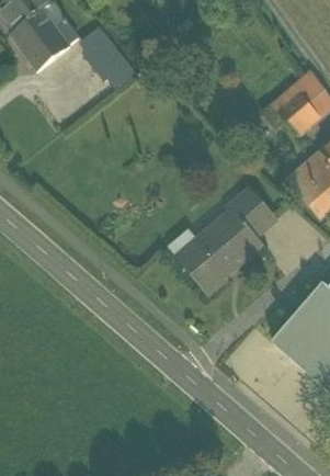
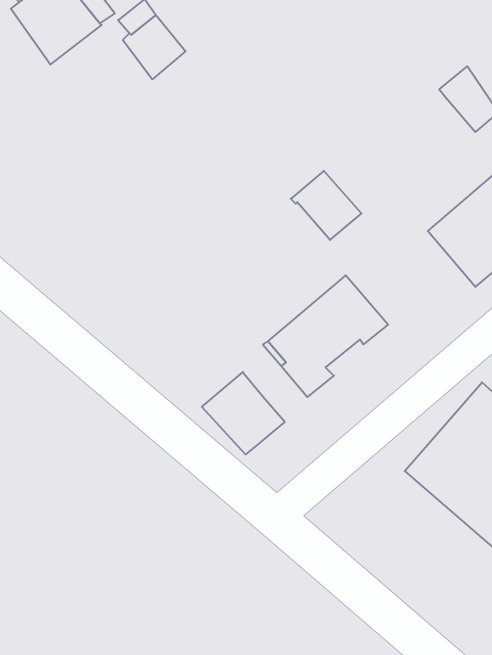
building: [275,92,318,134] -> none
building: [227,190,274,236] -> [291,171,362,240]
building: none -> [202,372,285,454]

